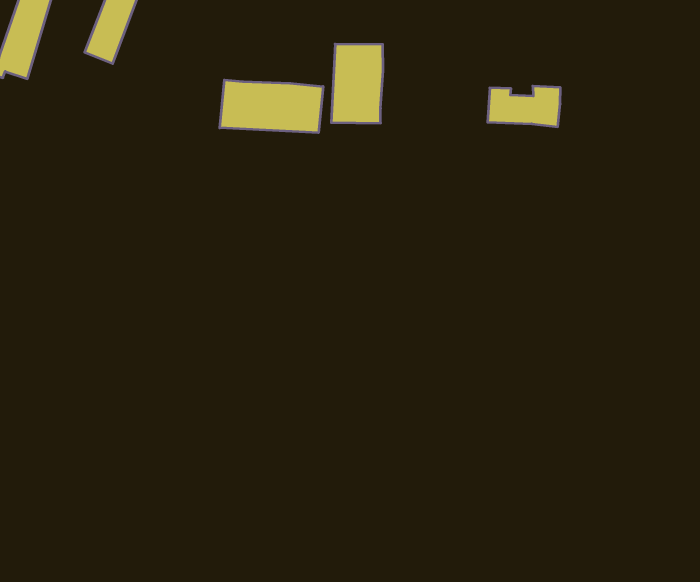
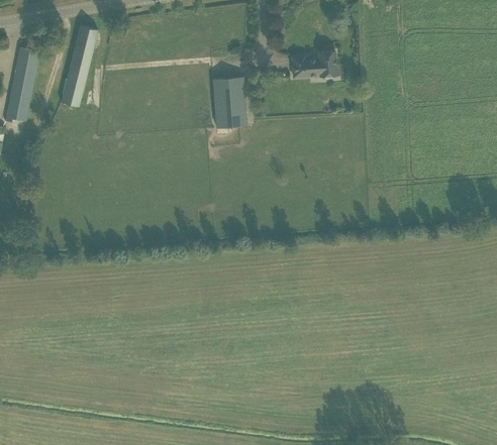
building: [220,80,323,133] -> none
building: [488,86,560,127] -> [291,51,335,78]

